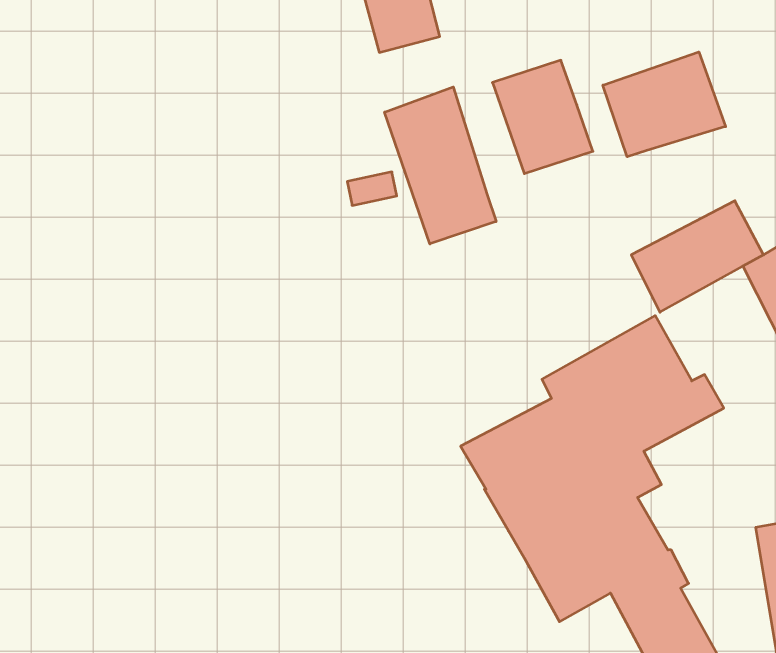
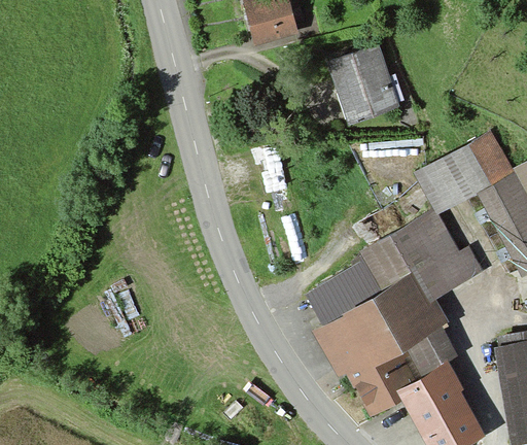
building: [603,52,726,157] -> none
building: [385,87,496,244] -> none

